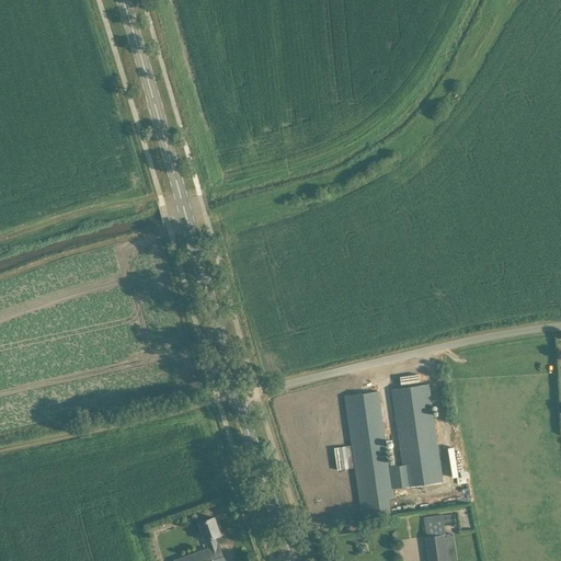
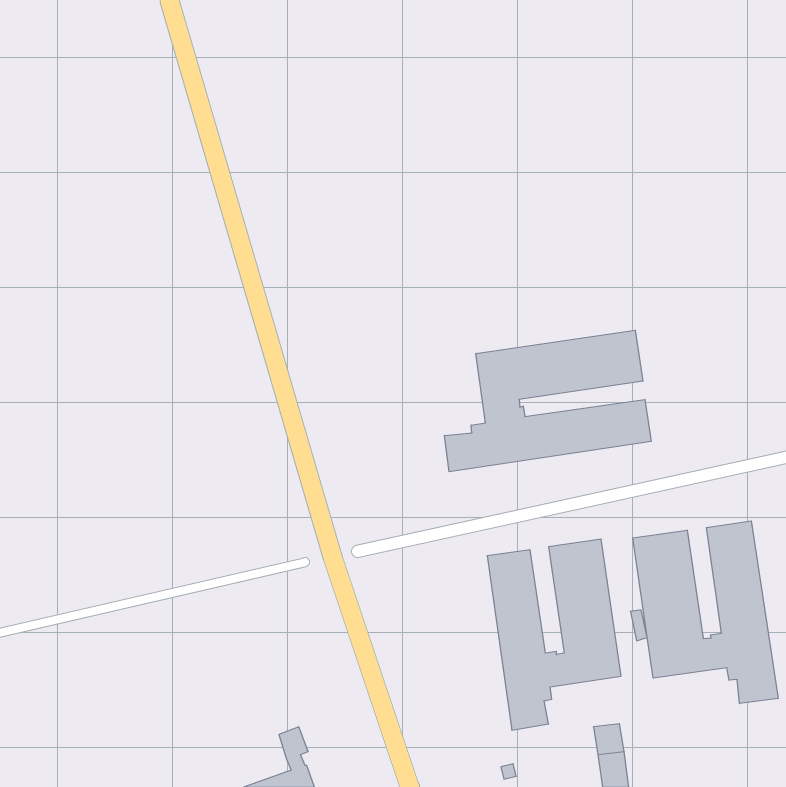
building: none -> [445,330,651,472]
building: none -> [633,521,778,704]

